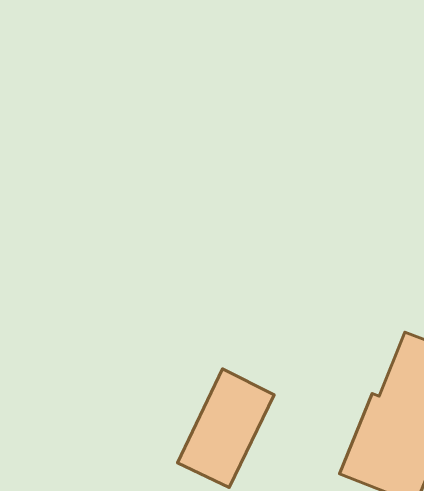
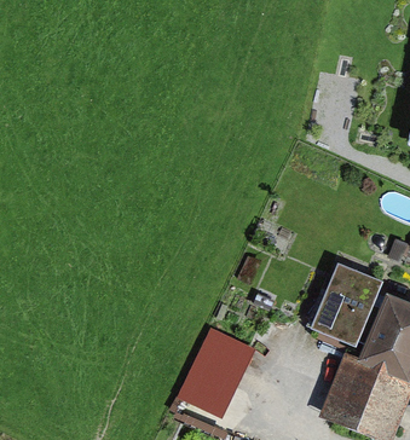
building: none -> [306,265,375,346]

